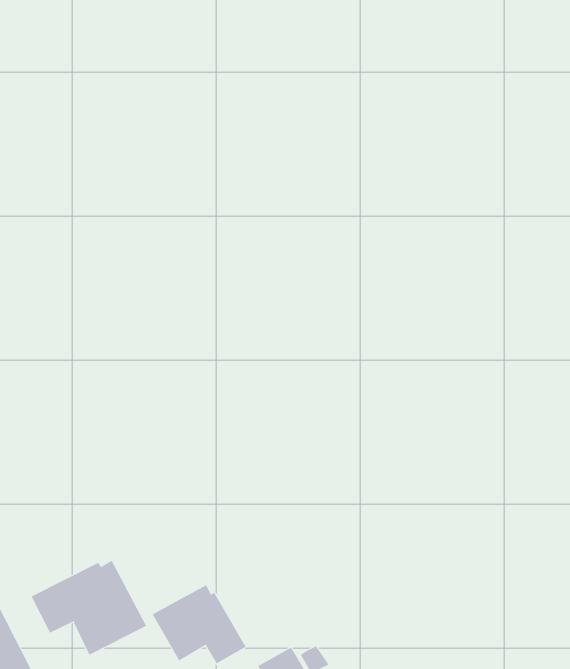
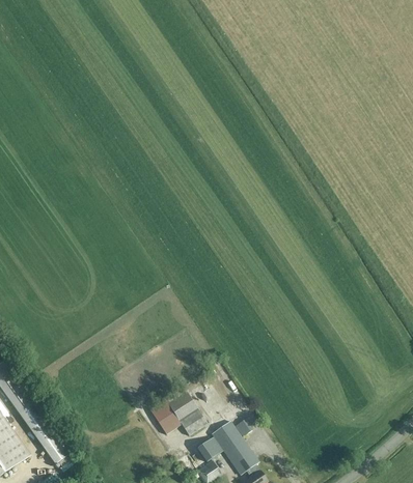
building: [31,560,147,655] -> none

